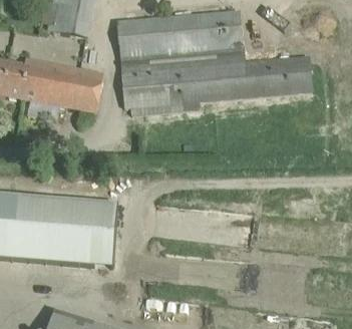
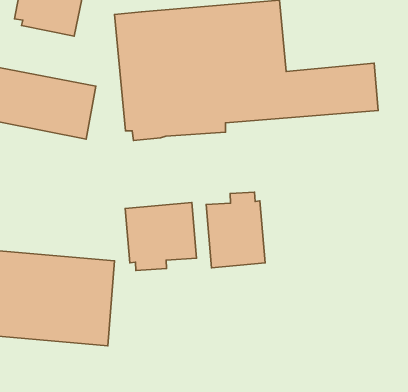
building: none -> [206,192,265,268]
building: none -> [125,202,197,271]

